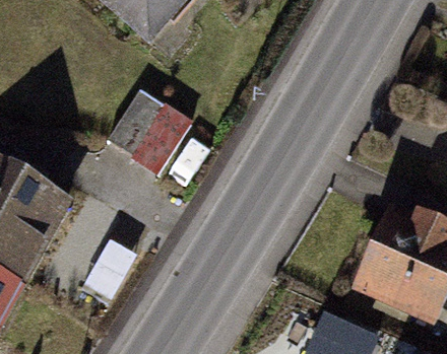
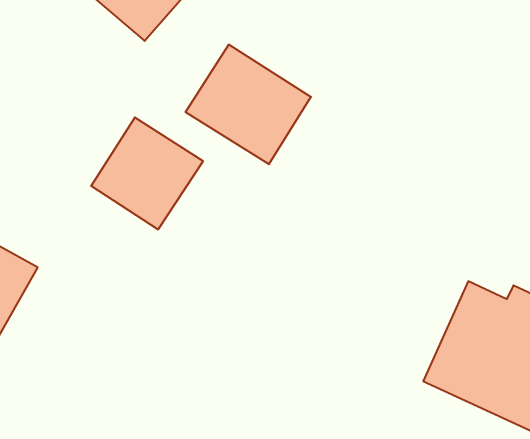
building: none -> [186,44,311,164]

